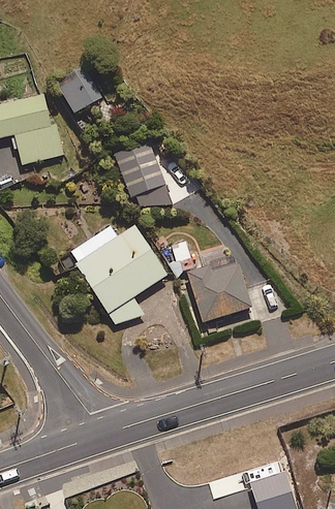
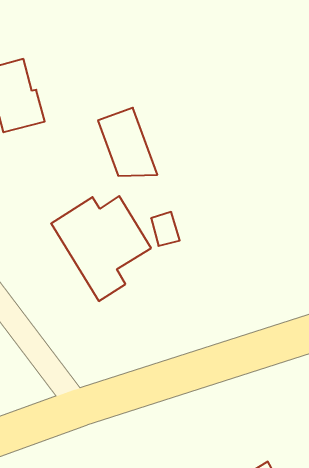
building: [55,64,102,114] -> none
building: [187,258,252,322] -> none

